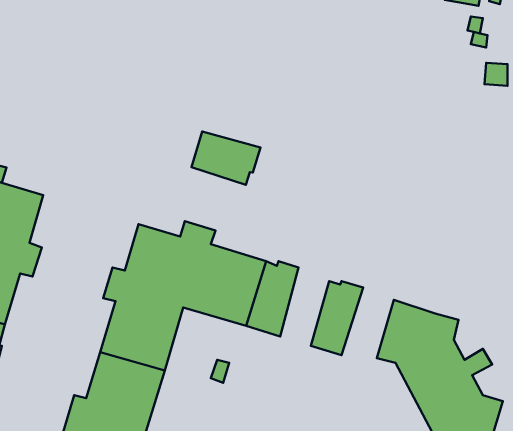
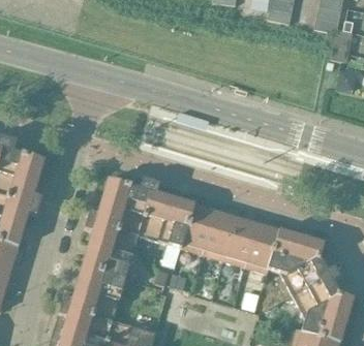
building: [191,131,261,185] -> none
building: none -> [203,207,236,259]
building: none -> [244,220,279,273]

